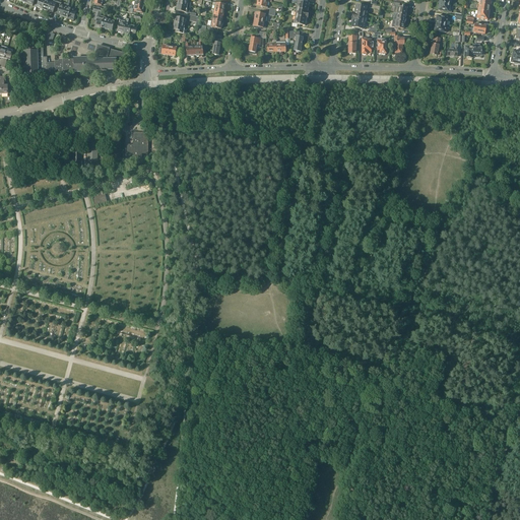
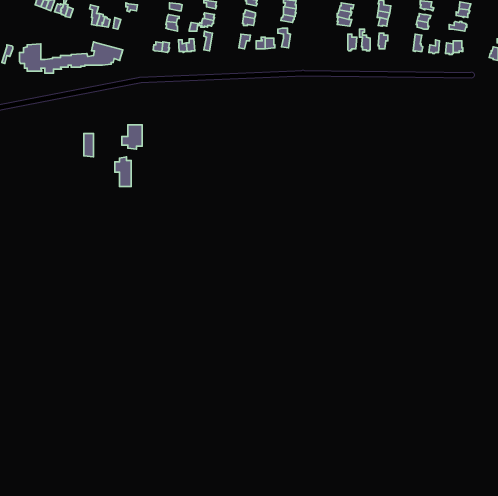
building: none -> [115,157,131,186]

